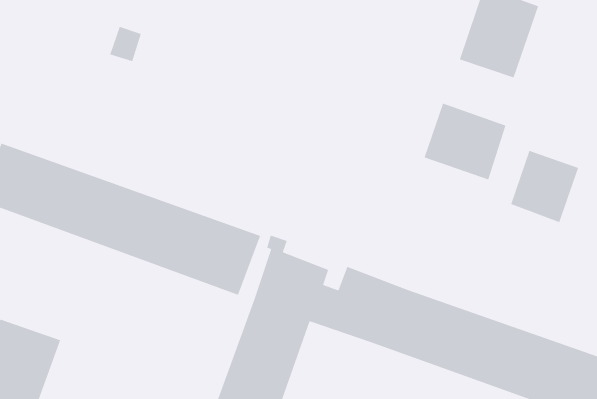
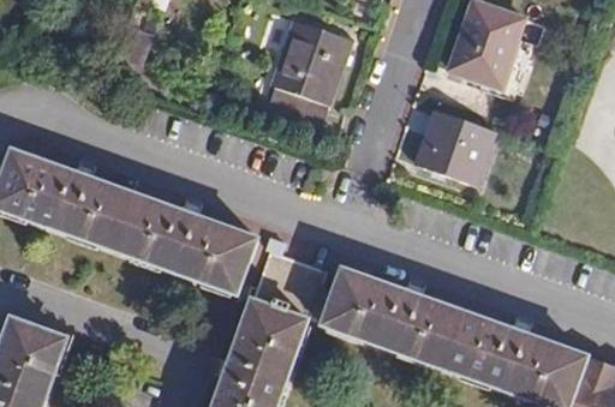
building: none -> [268,18,352,125]
building: [510,150,579,223] -> none

